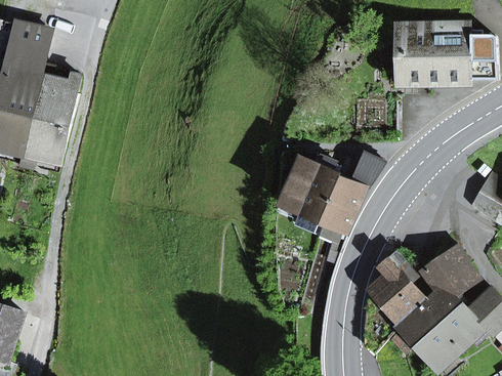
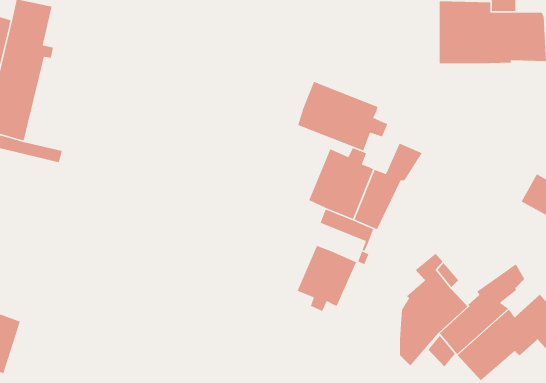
building: [26,72,79,159] -> none
building: none -> [297,81,389,152]
building: [421,242,469,286] -> none
building: none -> [297,245,357,312]

